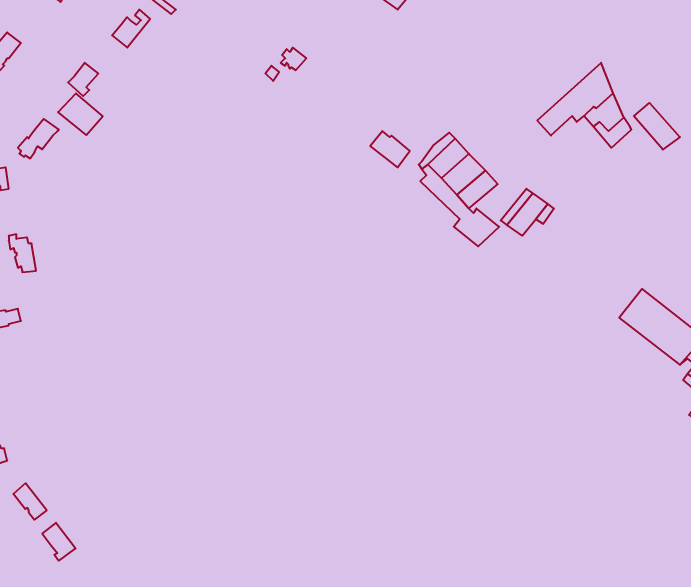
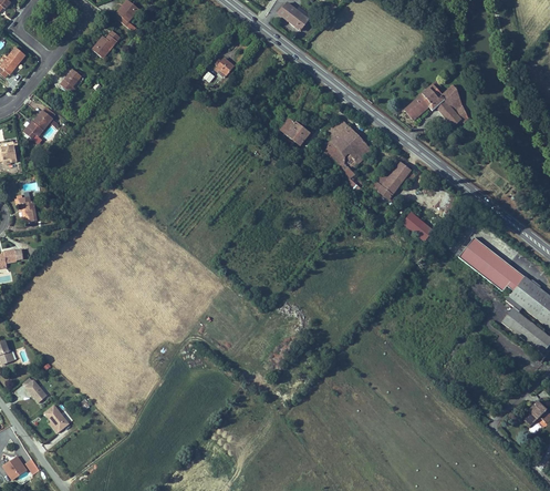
building: [58,93,103,135] -> none
building: [634,103,680,150] -> none
building: none -> [401,211,433,241]

